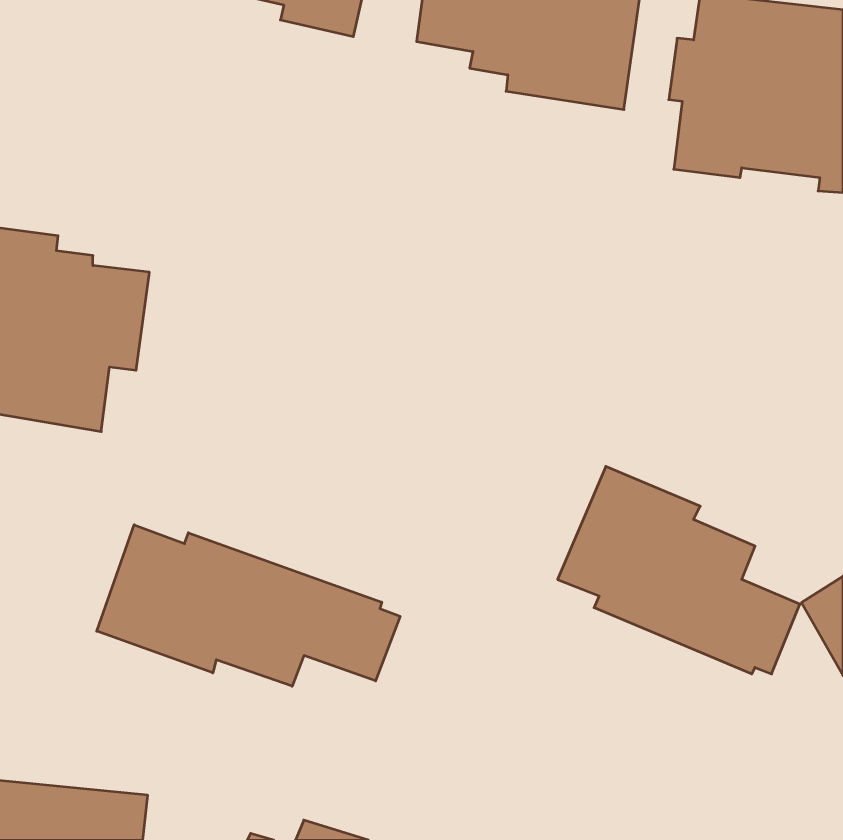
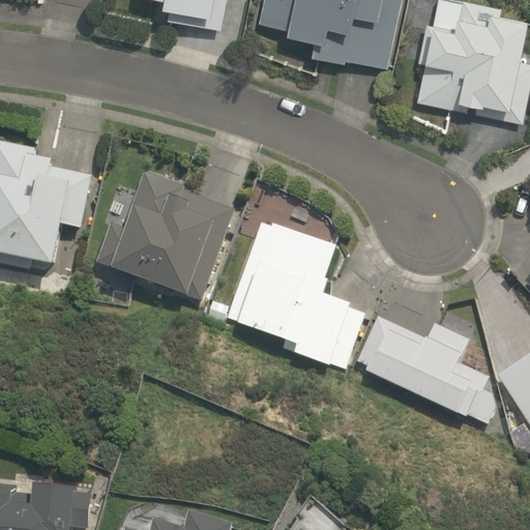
building: none -> [97,178,234,304]
building: none -> [227,219,363,367]
building: [97,525,400,686] -> none

